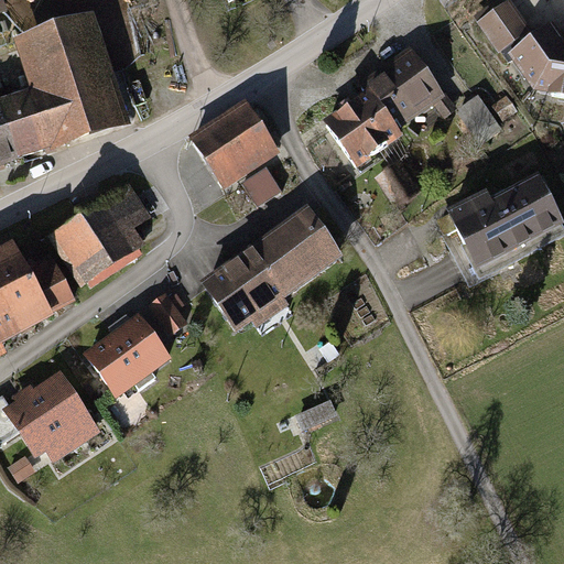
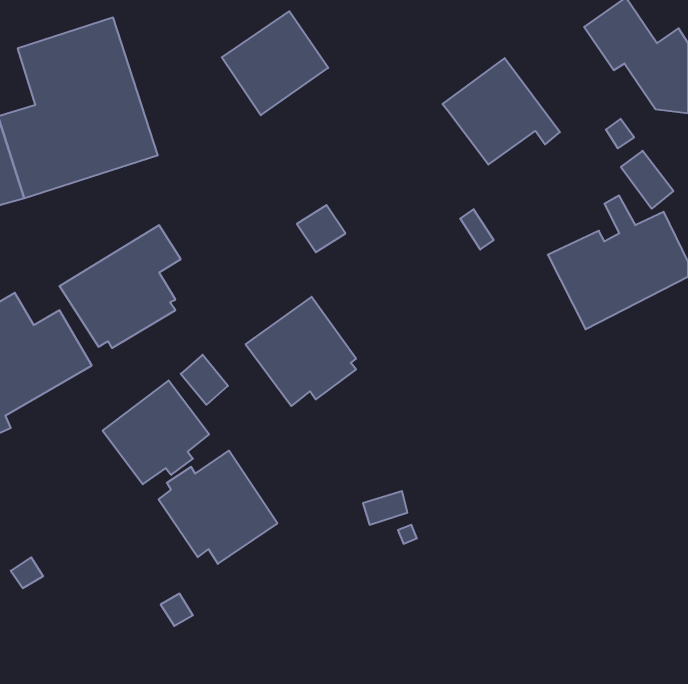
building: [323,90,399,166] -> none
building: [458,97,501,144] -> [621,151,673,209]
building: [192,104,279,188] -> [222,11,328,115]
building: [254,203,346,293] -> none
building: [6,368,102,460] -> [159,451,277,564]

